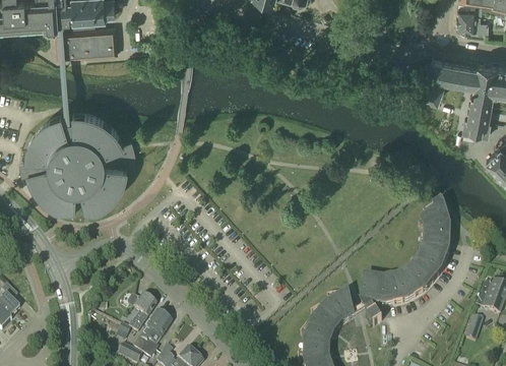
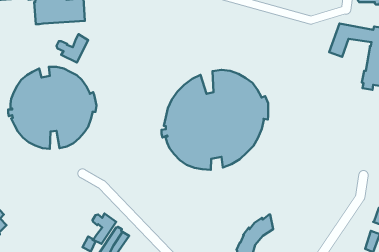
building: none -> [56,34,88,62]
building: none -> [162,70,268,170]
building: [361,209,446,328] -> none

